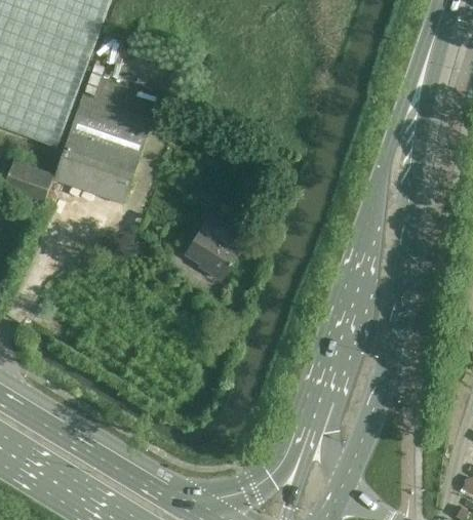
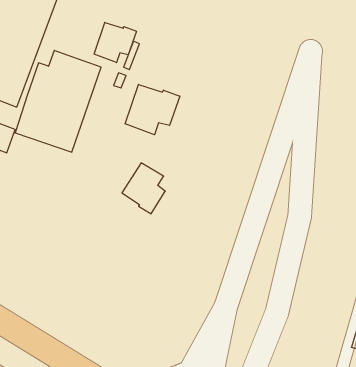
building: none -> [94,22,136,63]
building: none -> [125,84,180,135]

